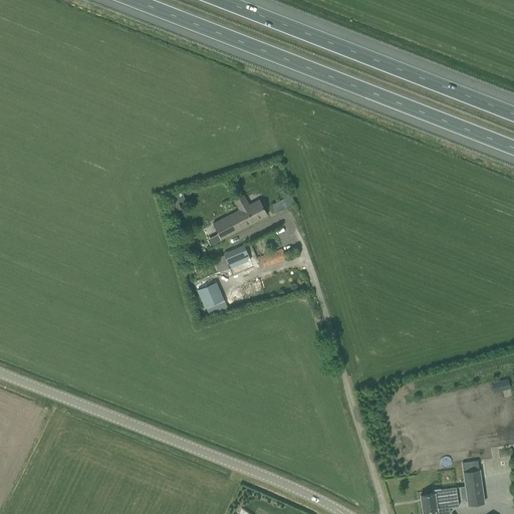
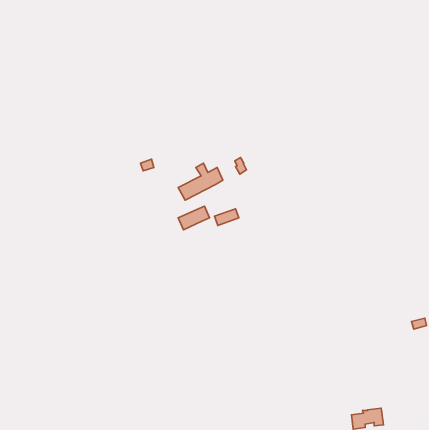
building: [198,282,228,316] -> none
building: [463,461,484,505] -> none

